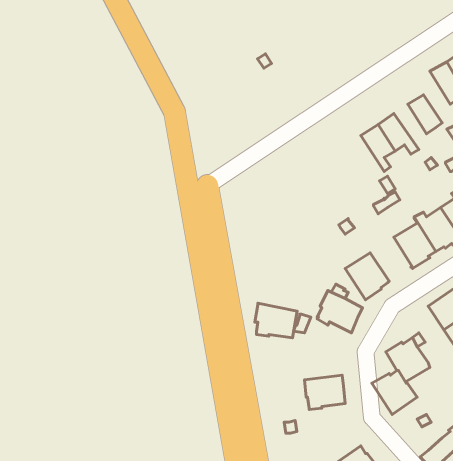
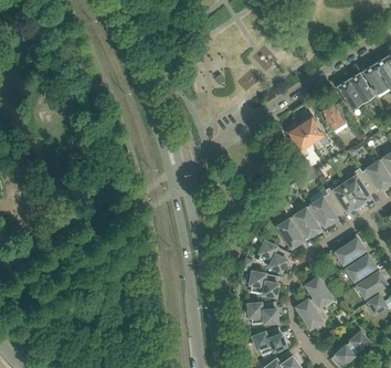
building: none -> [295,203,325,236]
building: [255,303,297,338] -> [250,271,279,295]
building: none -> [253,326,286,356]

